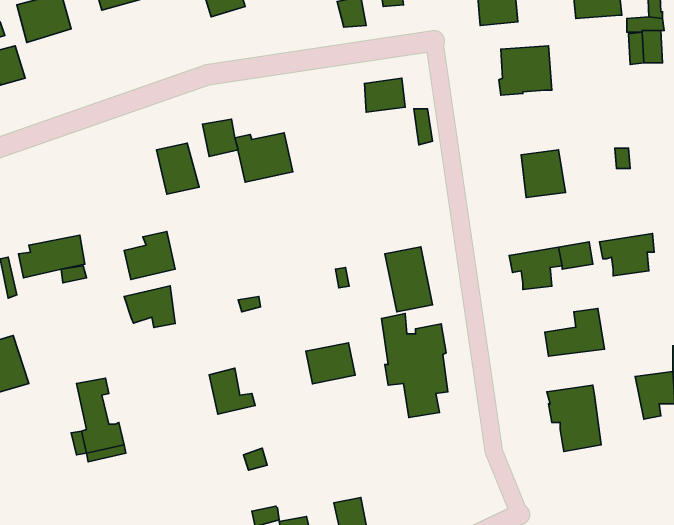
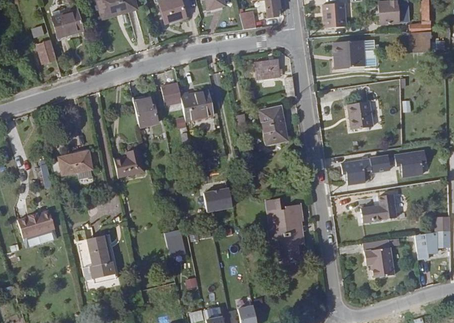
building: [385,247,433,312] -> [260,106,288,144]
building: [124,286,175,327] -> none
building: [306,343,355,384] -> [204,188,233,212]

